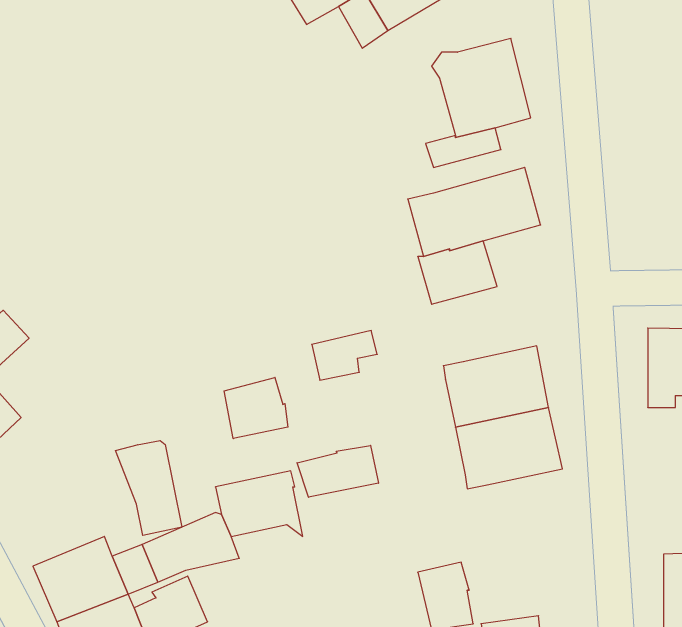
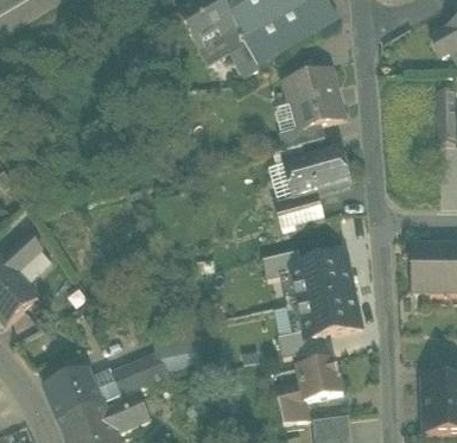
building: [312,331,377,380] -> [262,247,302,277]
building: [224,377,288,439] -> none
building: [115,441,182,535] -> none
building: [297,445,378,497] -> none
building: none -> [279,329,318,356]
building: none -> [297,356,342,398]

